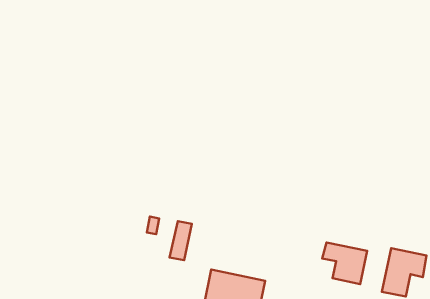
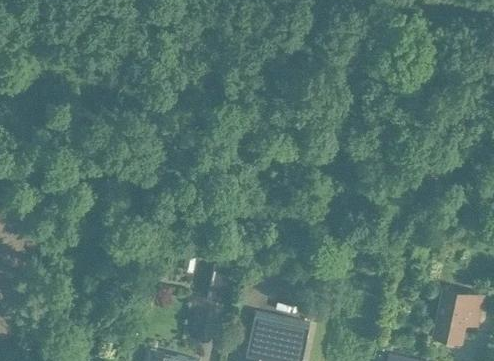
building: [322,242,367,284] -> none

